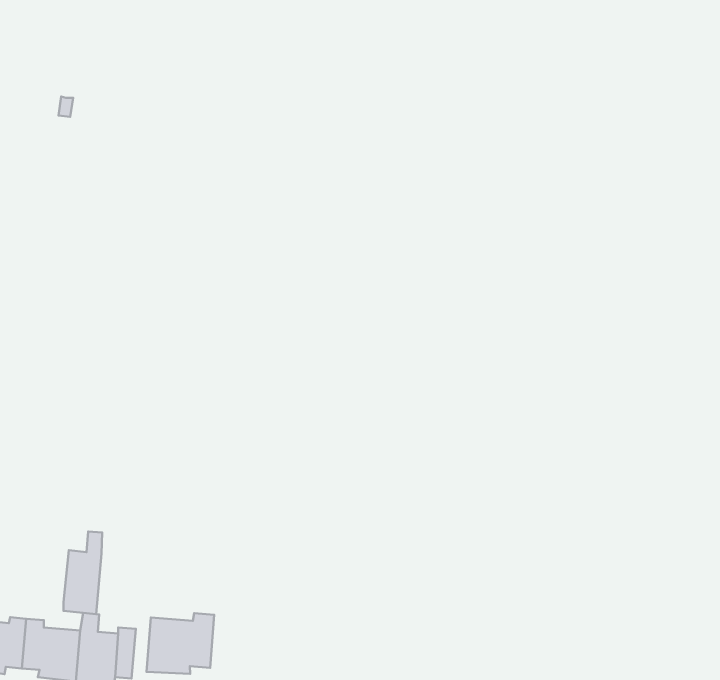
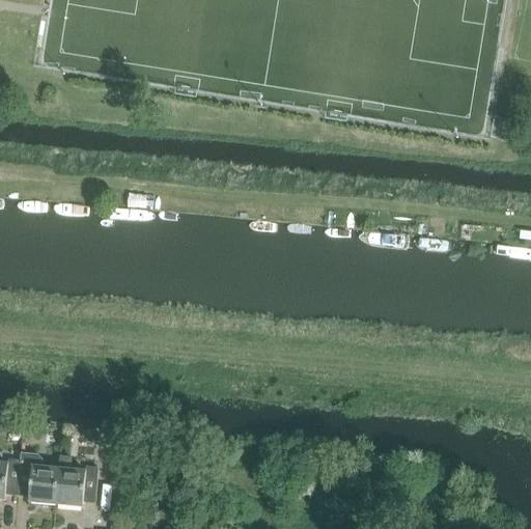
building: [63,531,102,614] -> none
building: [147,613,214,674] -> none

